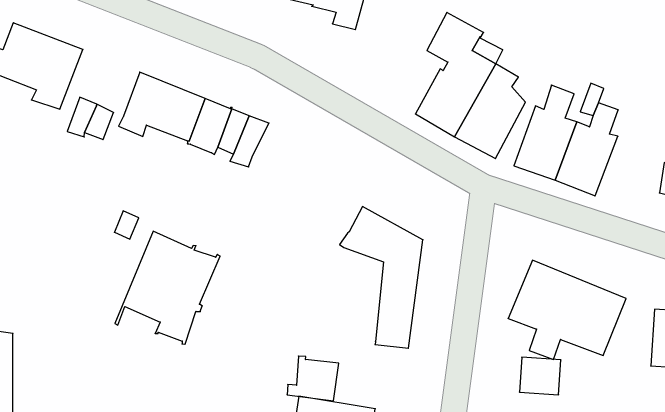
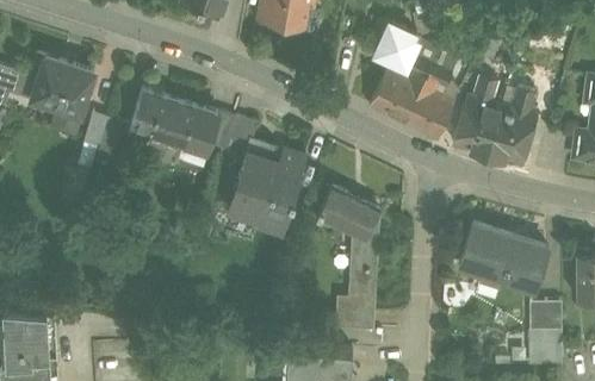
building: [115,231,220,344] -> [223,140,305,231]
building: [287,356,339,401] -> [335,296,376,331]
building: [519,357,561,395] -> [528,304,560,332]

